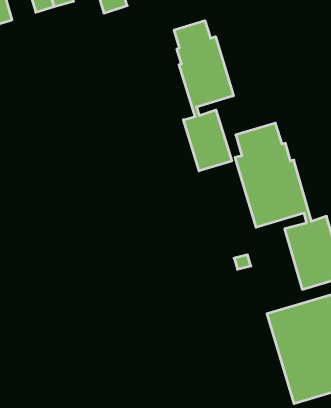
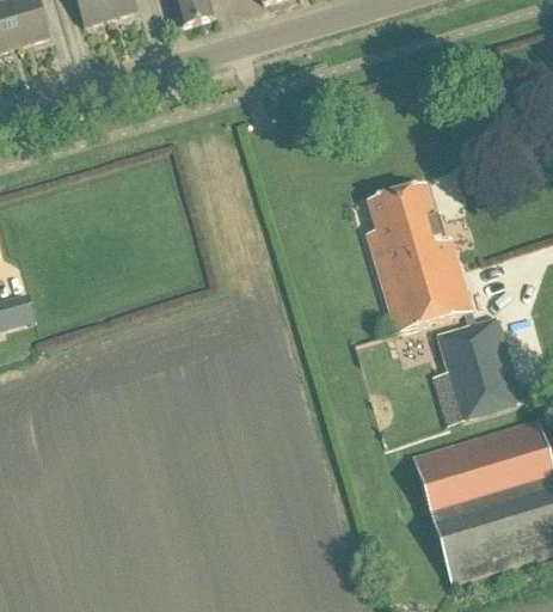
building: [174,21,233,171] -> none

